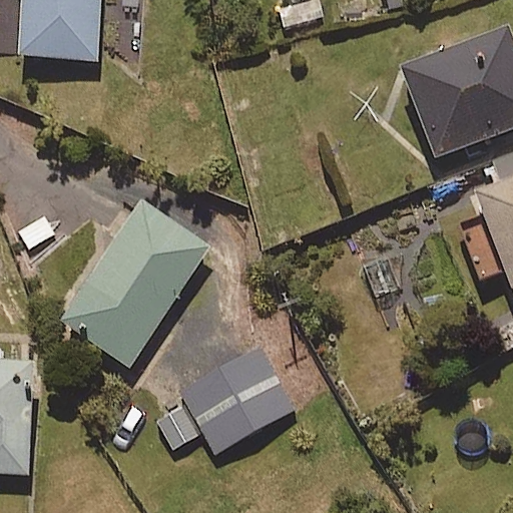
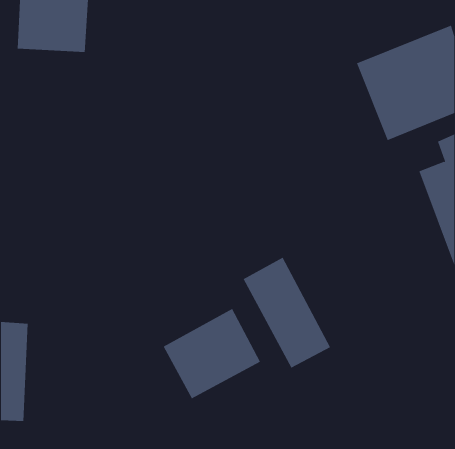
building: [61,201,208,367] -> none
building: none -> [243,257,331,369]

